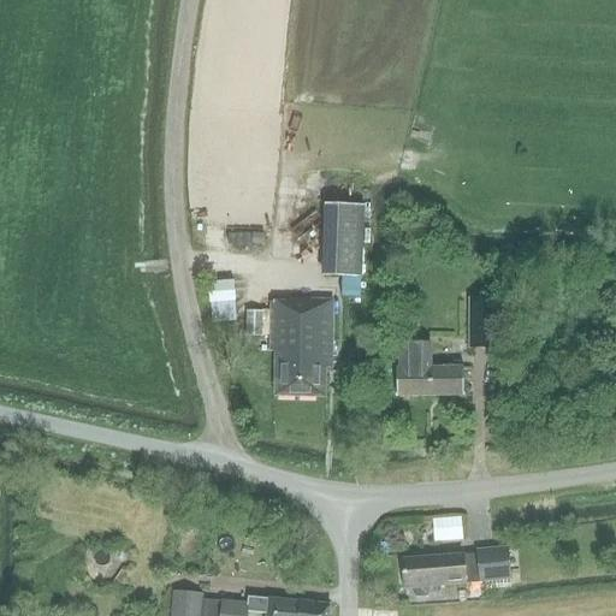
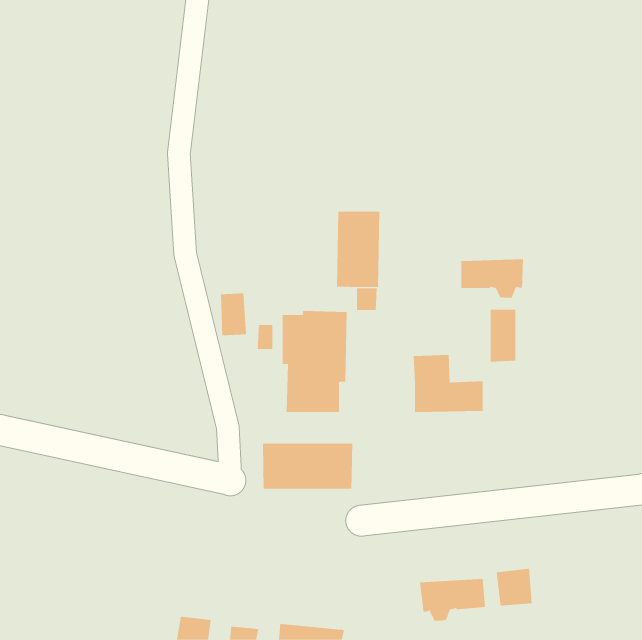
building: none -> [461,259,523,299]
building: none -> [262,443,353,490]

